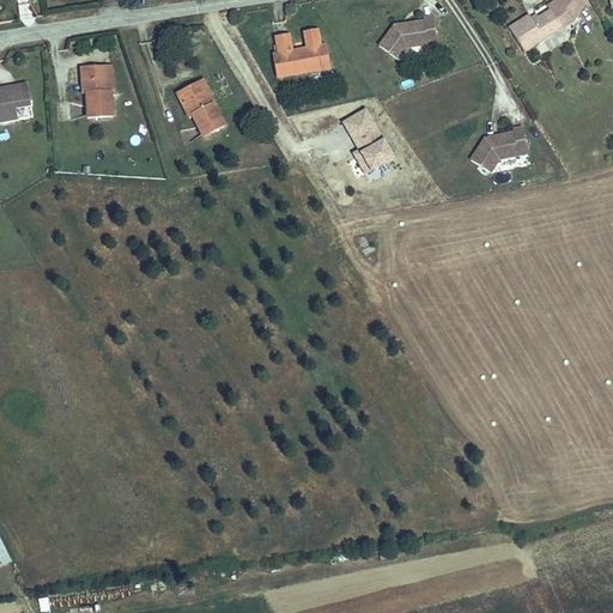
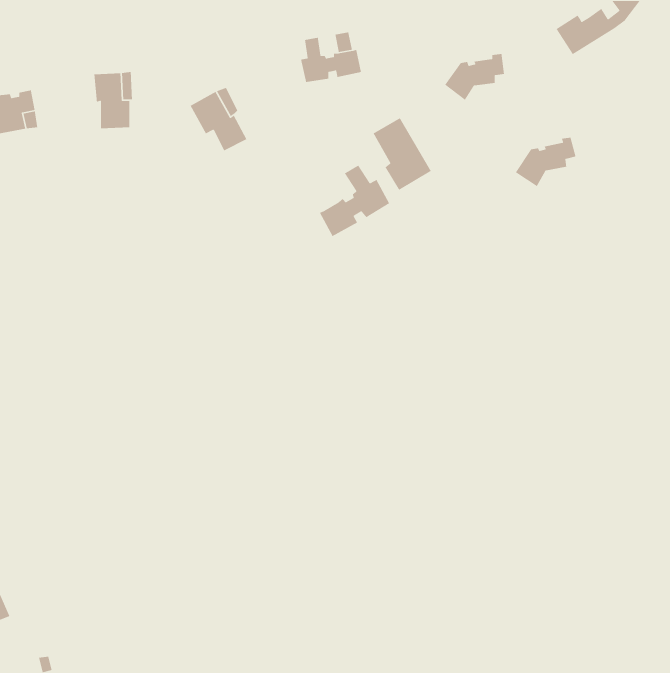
building: [378,16,433,59] -> [444,53,505,101]
building: none -> [319,165,390,237]

